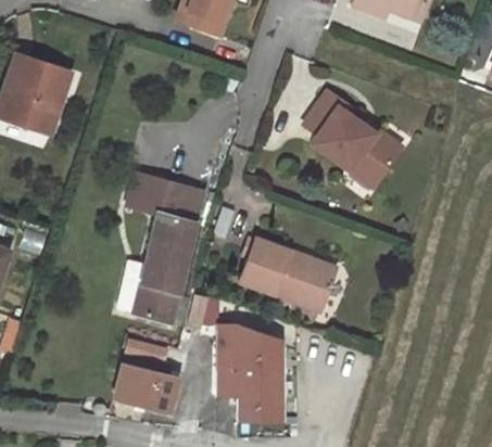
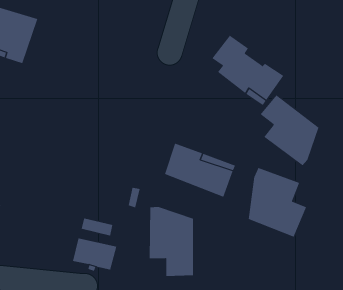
building: none -> [260,94,319,166]
building: [129,175,213,322] -> none
building: none -> [248,167,307,237]

